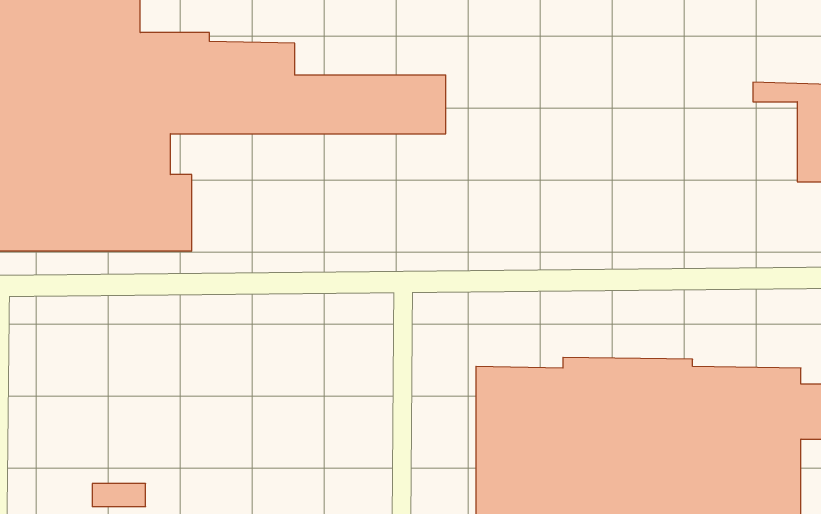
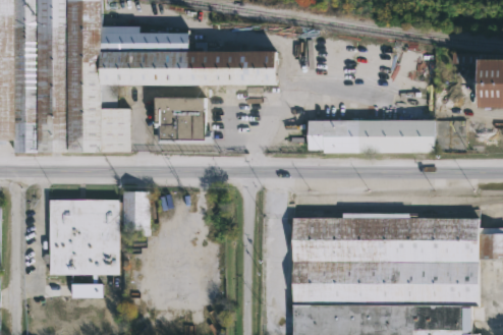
building: none -> [154,96,214,143]
building: none -> [308,119,436,152]
building: none -> [45,190,150,274]

